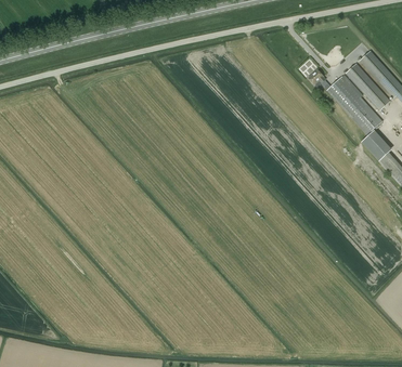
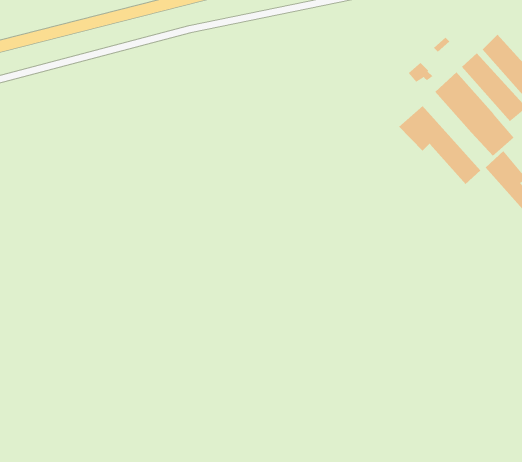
building: none -> [398,105,481,185]

